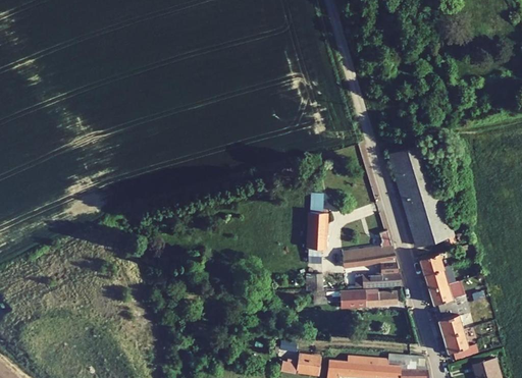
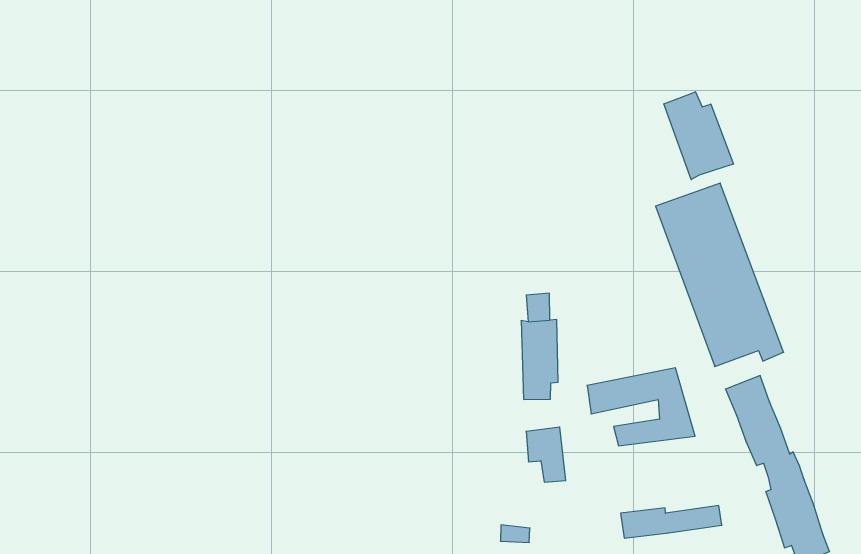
building: none -> [664,92,733,180]
building: [340,291,397,307] -> [621,506,722,538]

